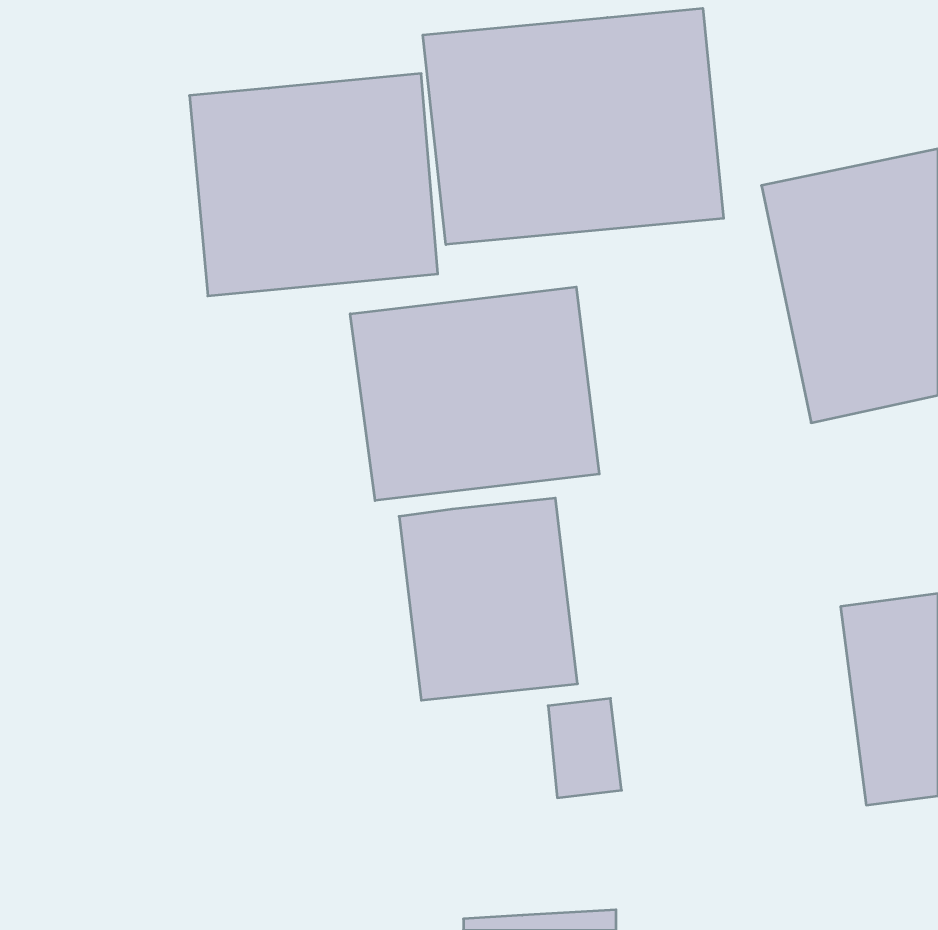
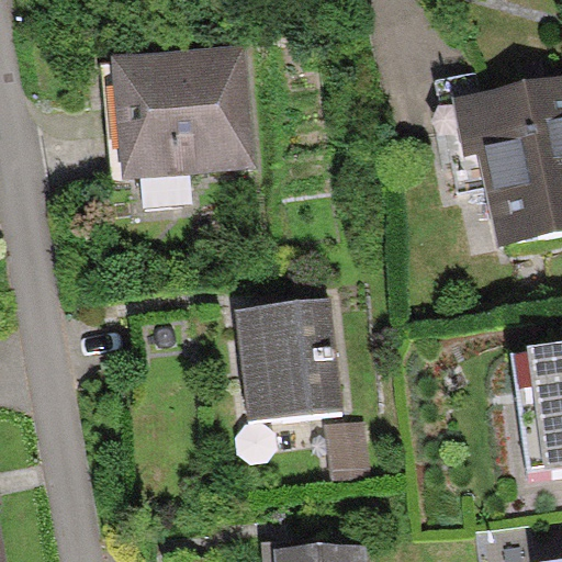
building: [423,8,724,245] -> none
building: [350,287,599,501] -> none

